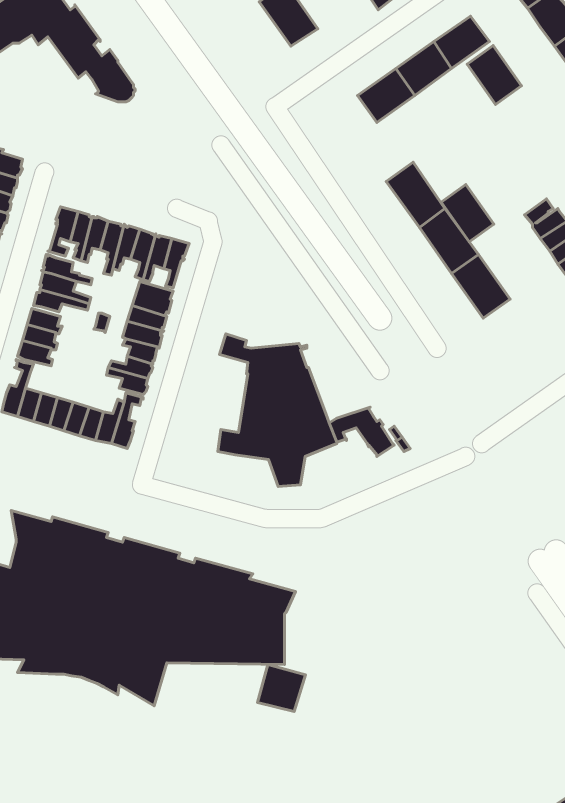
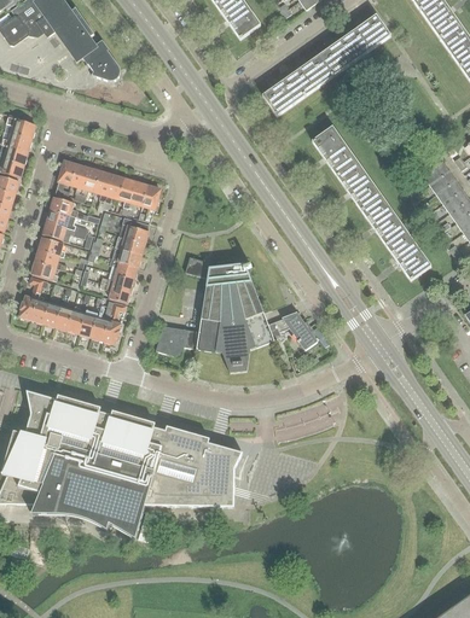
building: [467,46,522,105] -> none
building: none -> [262,75,304,115]
building: [441,185,494,242] -> none
building: none -> [385,229,430,279]
building: none -> [156,325,186,357]
building: [257,664,305,711] -> none

